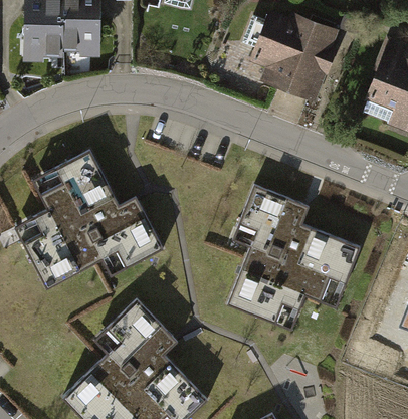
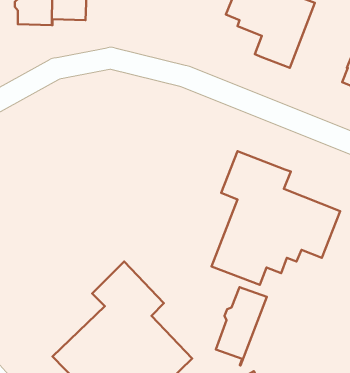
building: [22,149,162,288] -> none
building: none -> [216,287,267,366]

